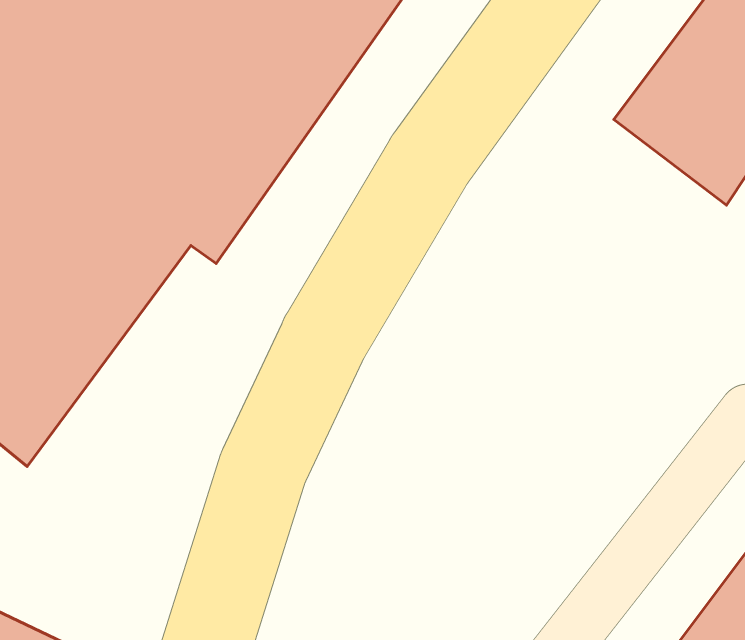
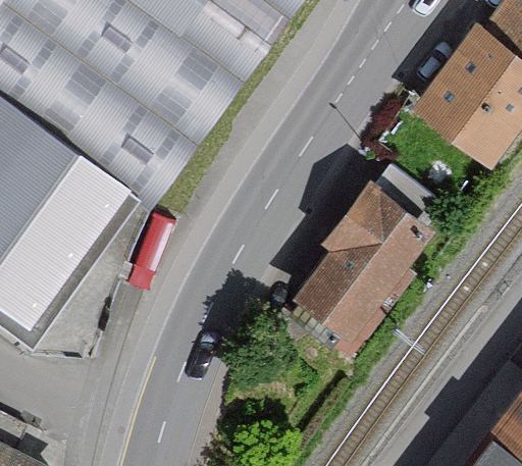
building: none -> [302,170,447,336]

